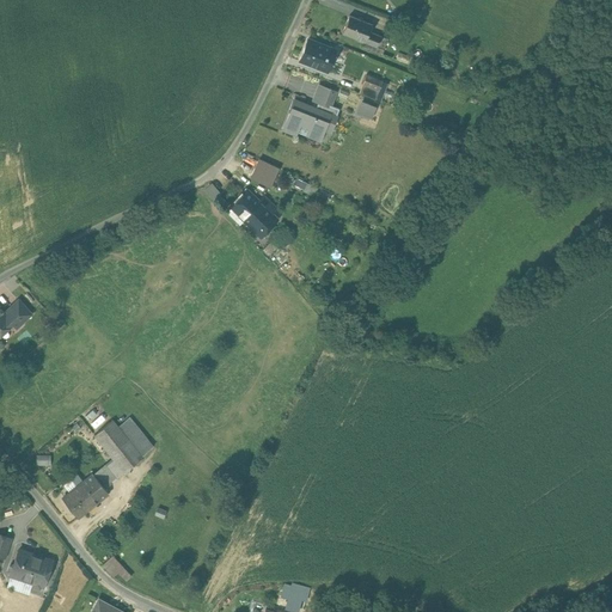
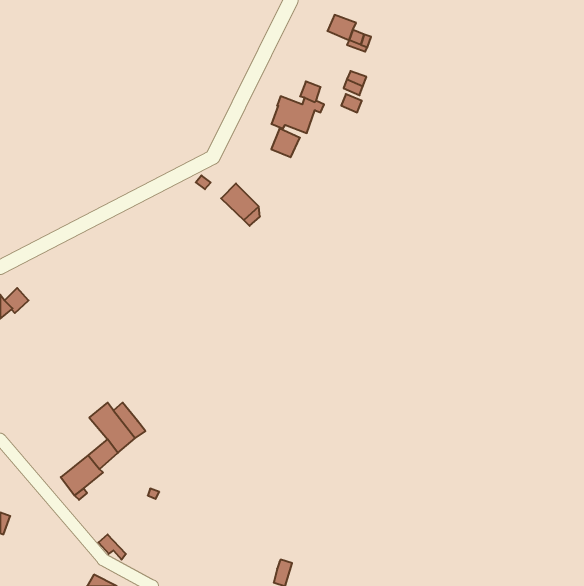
building: [301,39,336,71] -> none
building: [252,157,282,186] -> [271,129,300,157]
building: [10,550,54,588] -> none

